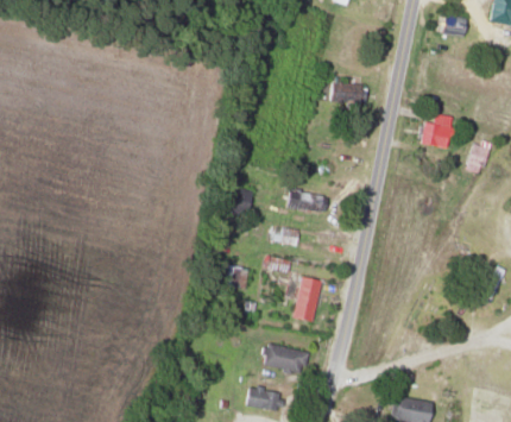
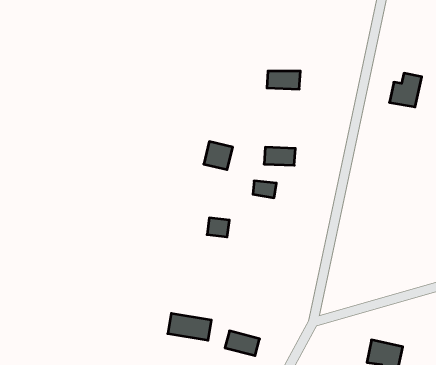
building: [332,83,367,102] -> [267,71,300,89]
building: [294,276,320,321] -> none
building: [263,344,309,372] -> [168,313,211,340]

